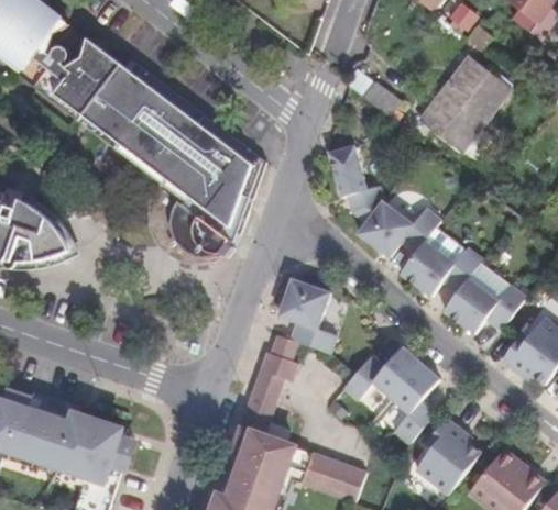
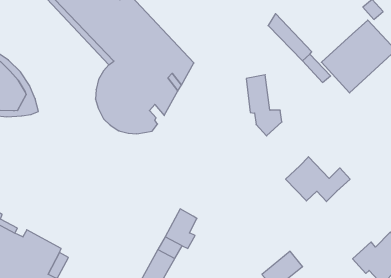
building: [357,202,439,257] -> none
building: [441,278,524,334] -> none
building: [277,279,335,354] -> none
building: [341,348,419,400] -> none

